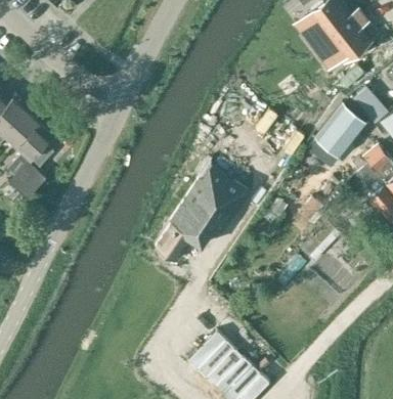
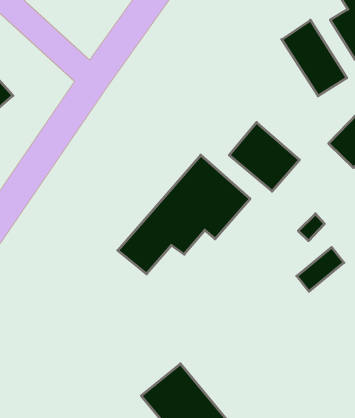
building: none -> [282,20,347,96]
building: none -> [229,122,299,191]

